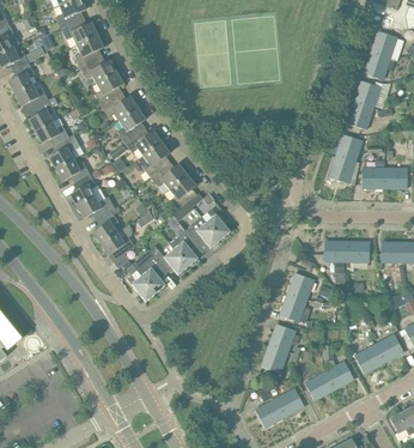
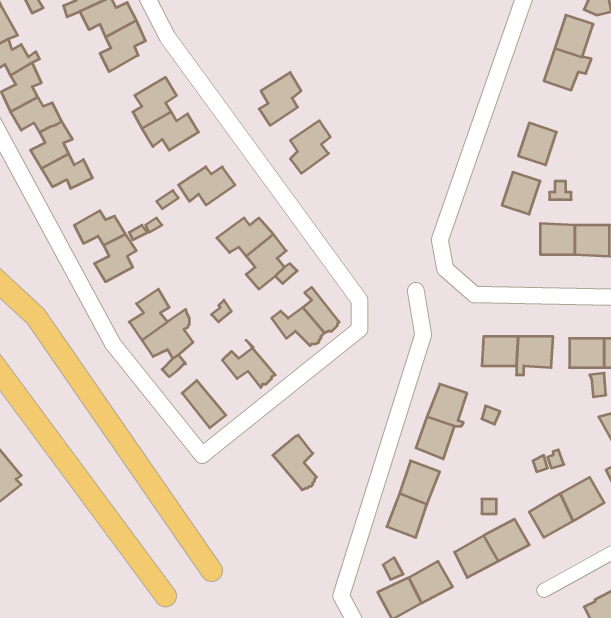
building: [79,56,116,83] -> none
building: [354,79,388,107] -> none
building: [117,107,145,141] -> [259,72,301,125]
building: [49,134,80,168] -> none
building: [142,141,169,176] -> [290,121,330,173]
building: [329,155,359,184] -> none
building: [77,195,115,218] -> none
building: [169,229,199,266] -> none
building: [136,256,165,292] -> [273,435,317,490]

